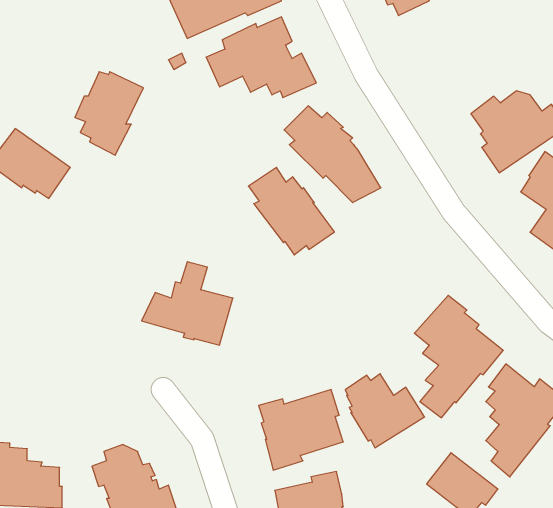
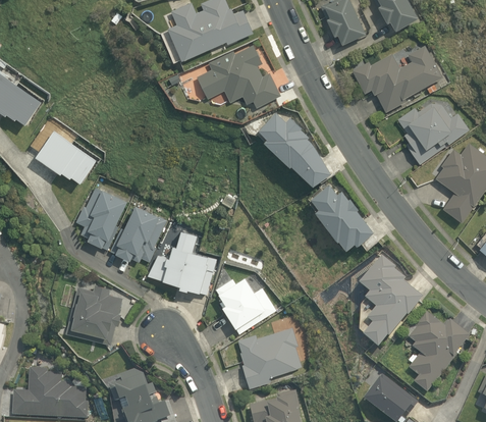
building: none -> [352,45,443,111]
building: [75,72,143,155] -> [76,187,128,250]
building: [248,167,334,255] -> [307,183,372,250]
building: none -> [116,205,167,262]
building: none -> [65,284,122,345]
building: [345,374,425,448] -> [215,277,275,333]

